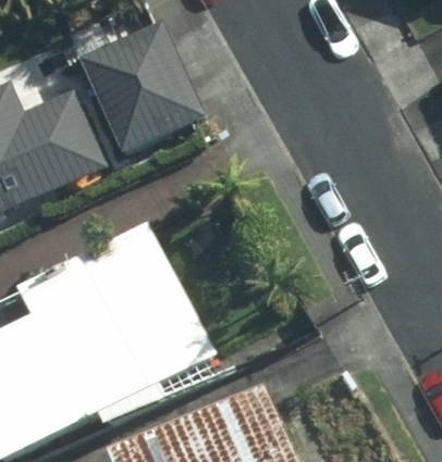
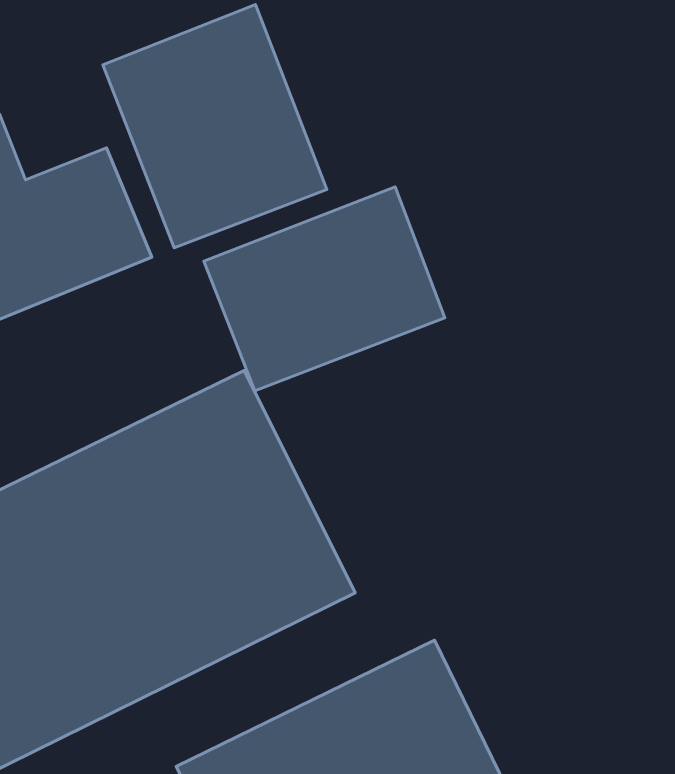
building: none -> [204,187,445,391]

